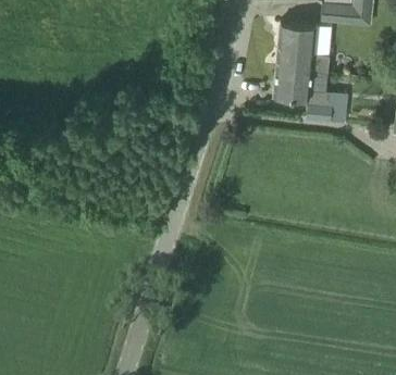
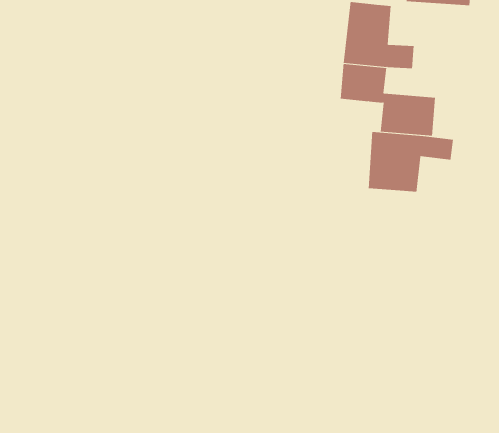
building: none -> [368,131,454,193]

